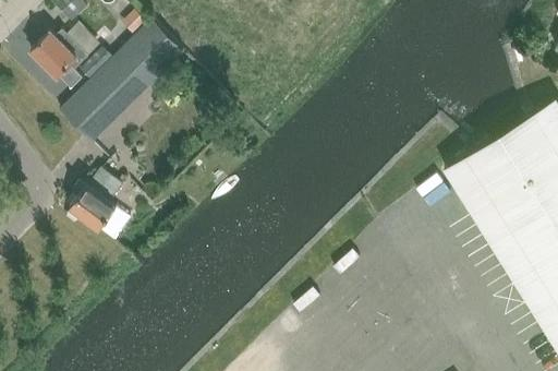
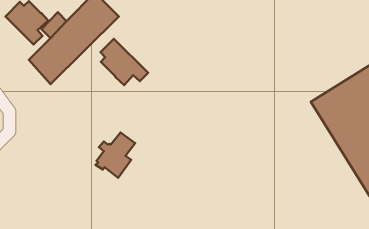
building: none -> [100,39,148,85]
building: [69,171,122,232] -> [96,133,135,178]

